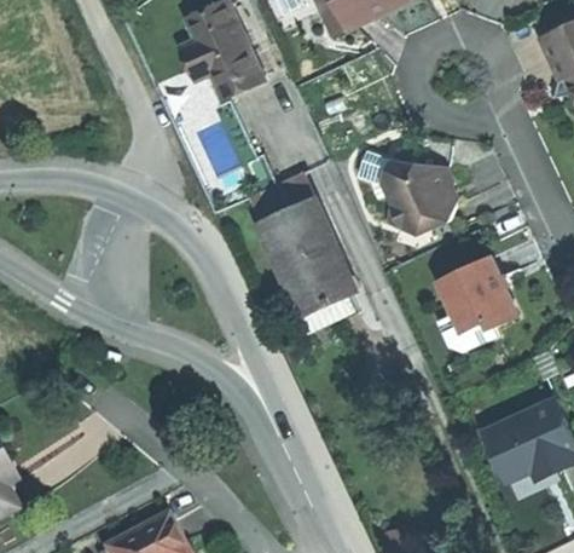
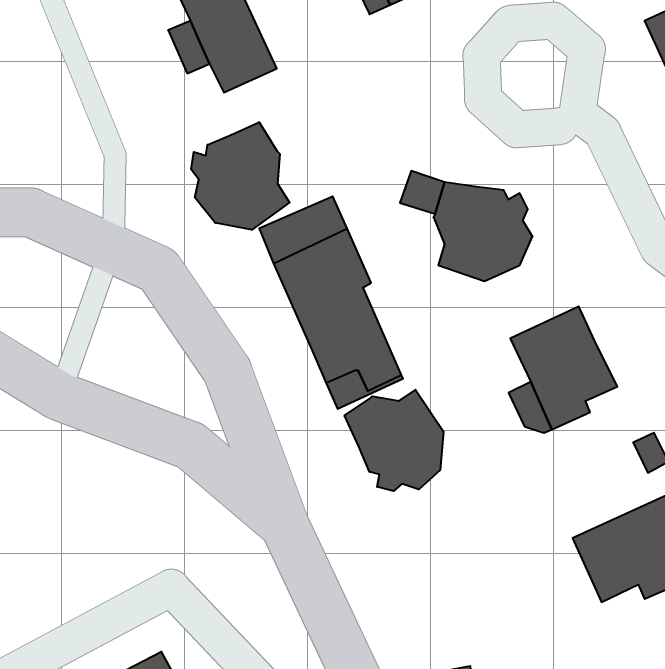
building: none -> [191,122,290,230]
building: none -> [345,390,444,491]

